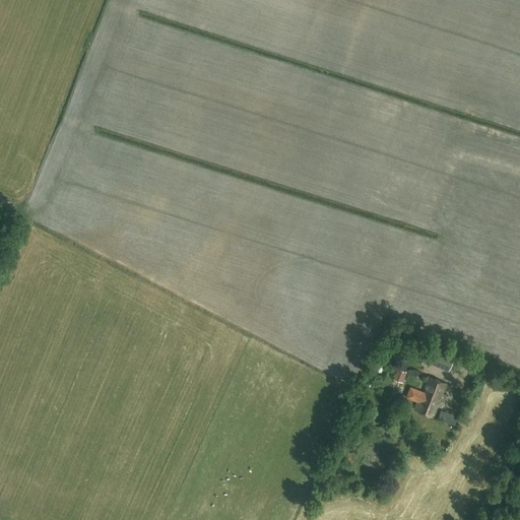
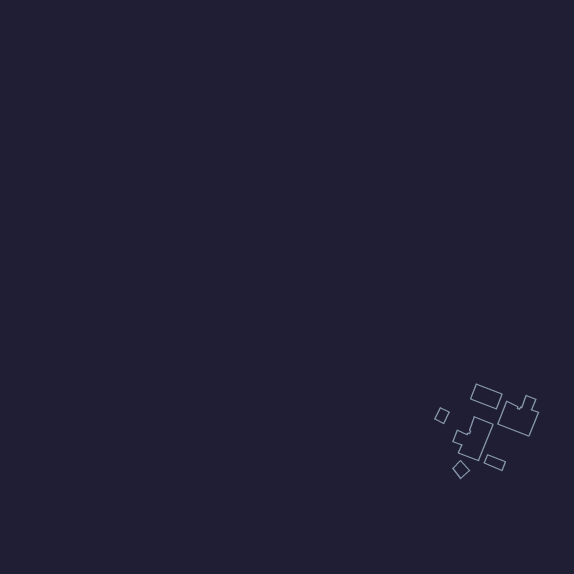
building: none -> [498,395,538,436]

